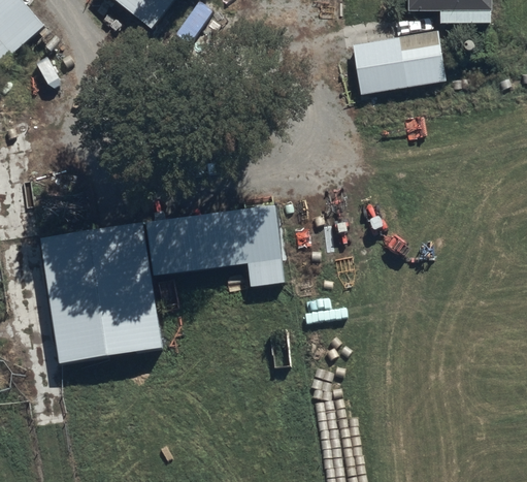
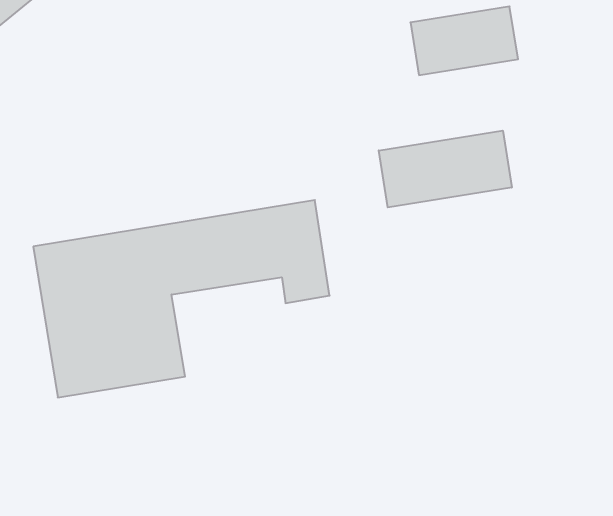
building: none -> [379,131,512,207]

